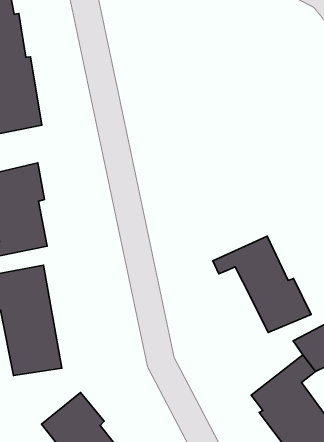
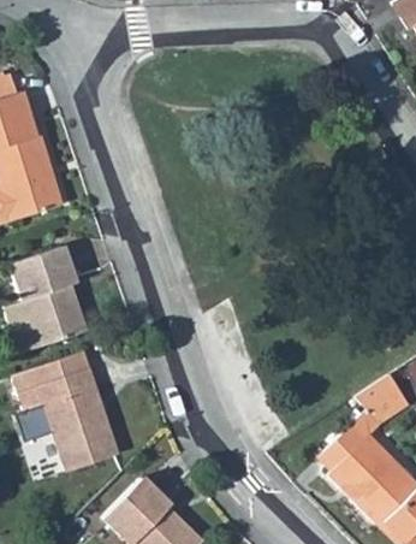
building: [213,236,311,333] -> none

